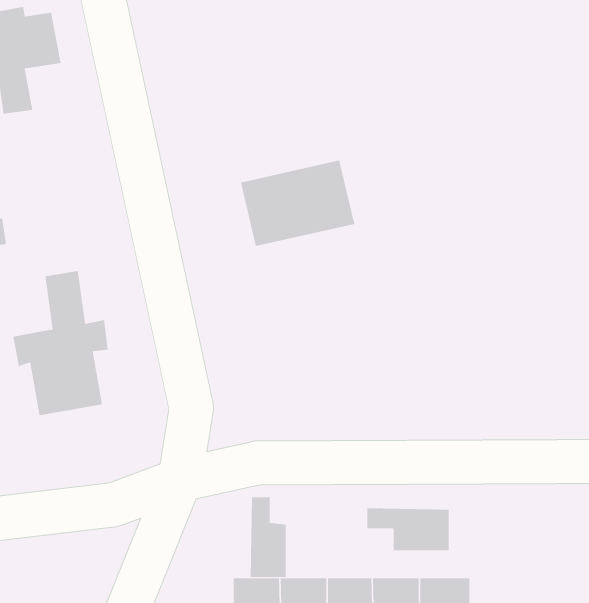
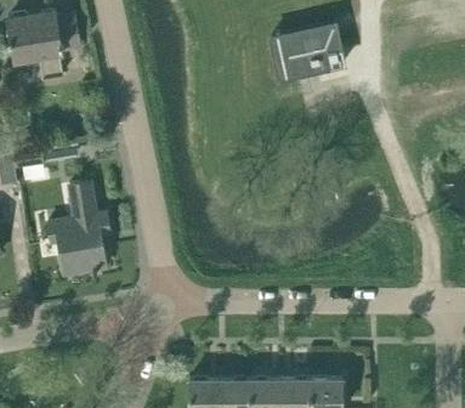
building: [240,160,355,247] -> [271,23,345,79]
building: [250,496,286,578] -> none
building: [367,508,449,551] -> none

